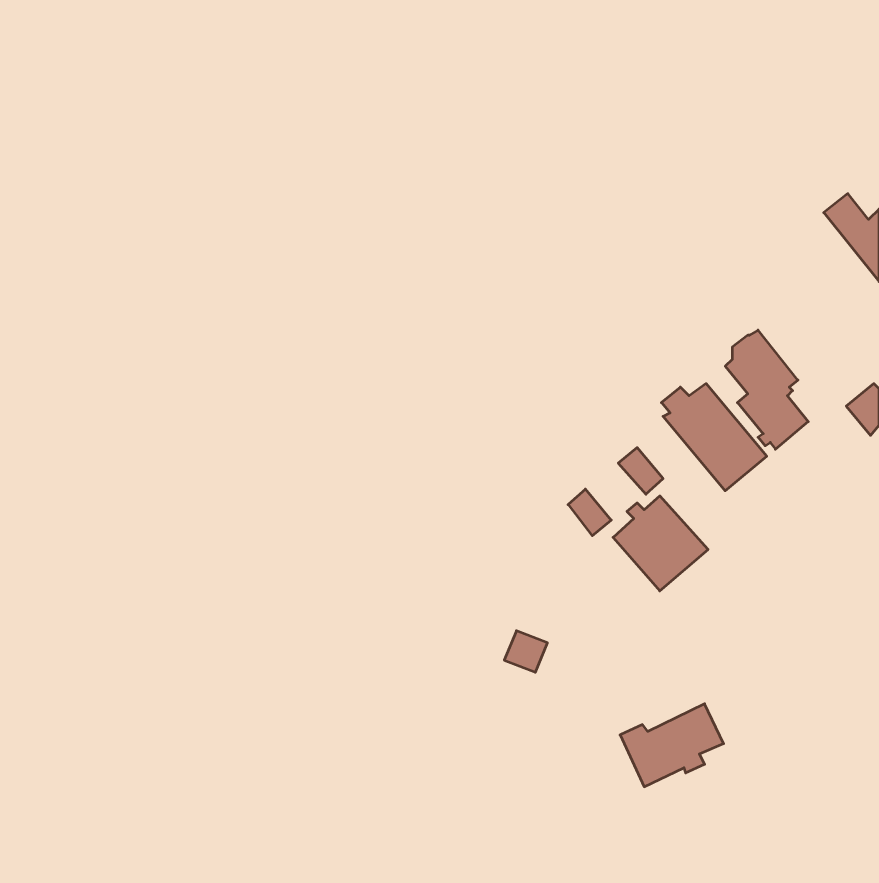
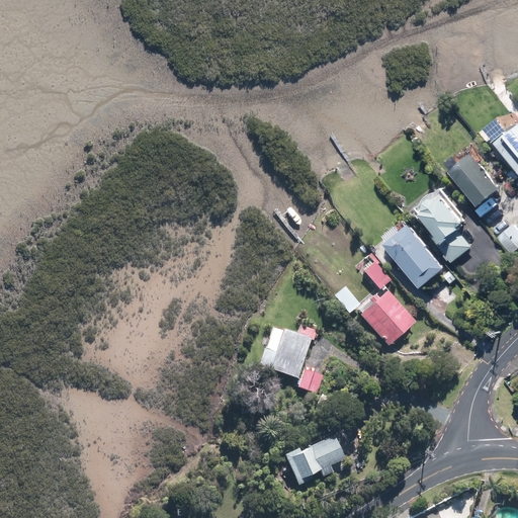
building: none -> [453,153,504,206]
building: none -> [257,325,316,378]
building: [620,704,724,787] -> [279,436,340,485]

